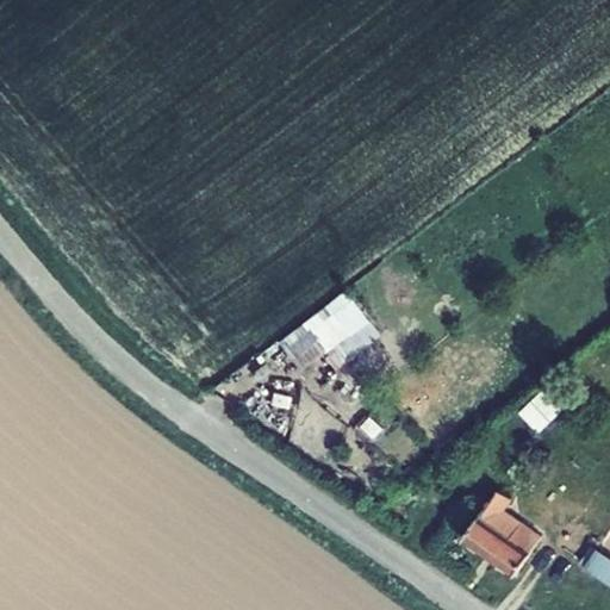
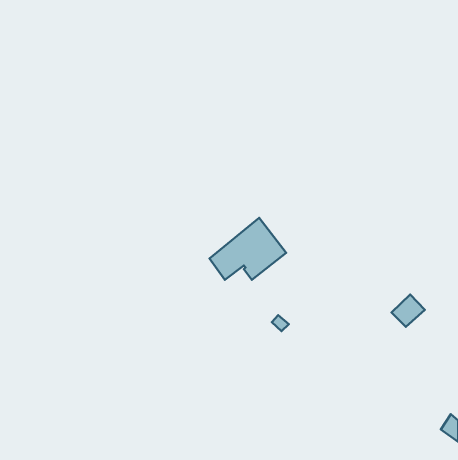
building: [461,491,541,578] -> none

